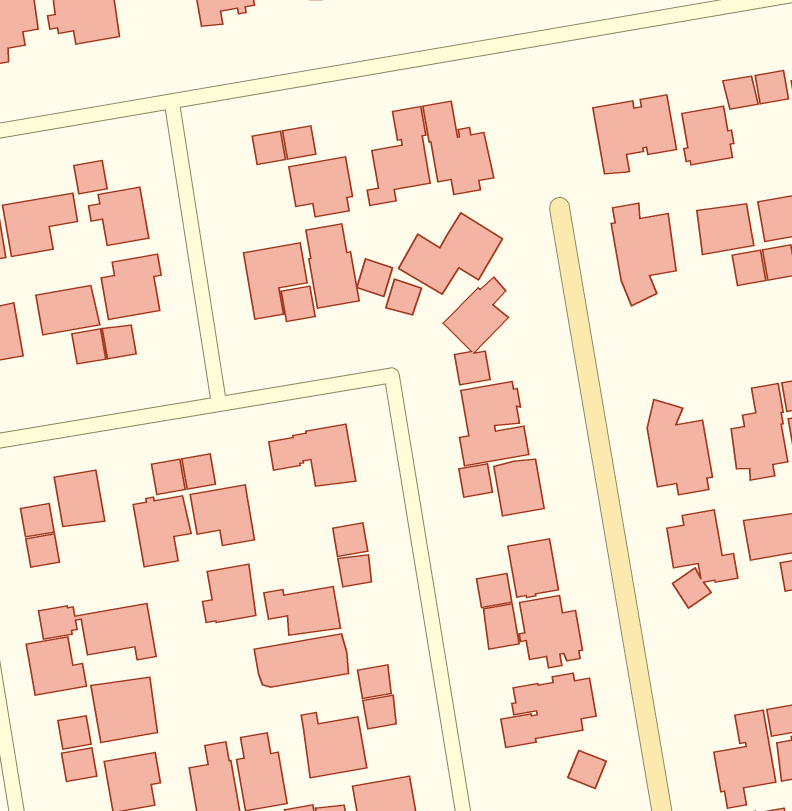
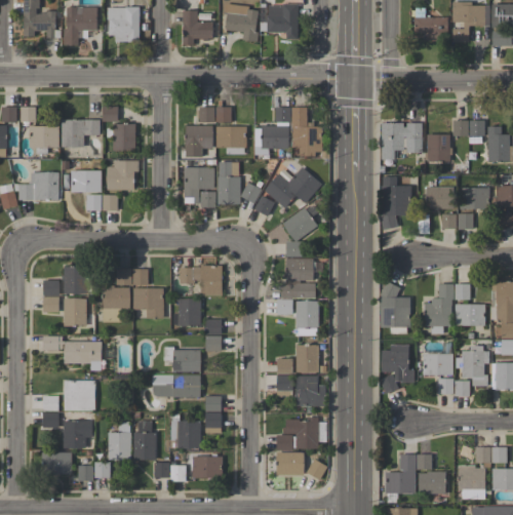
building: none -> [186,124,212,156]
building: [203,564,256,623] -> [173,299,201,326]
building: [26,637,86,695] -> [64,299,91,326]
building: none -> [276,452,304,475]

